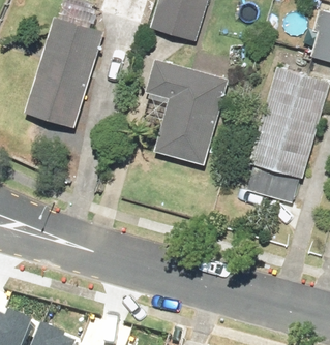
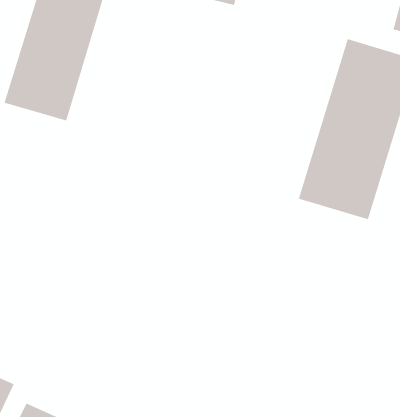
building: [145,59,228,163] -> none

